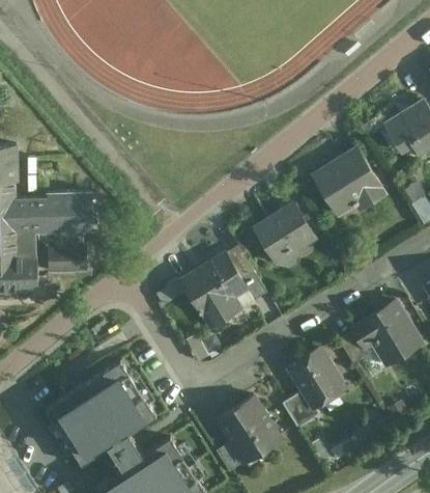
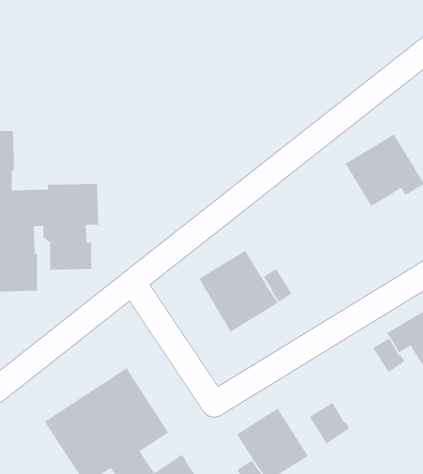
building: [257,203,315,259] -> none
building: [289,347,345,406] -> none

